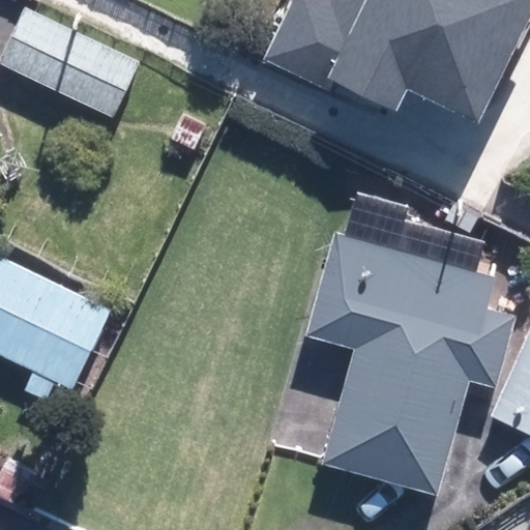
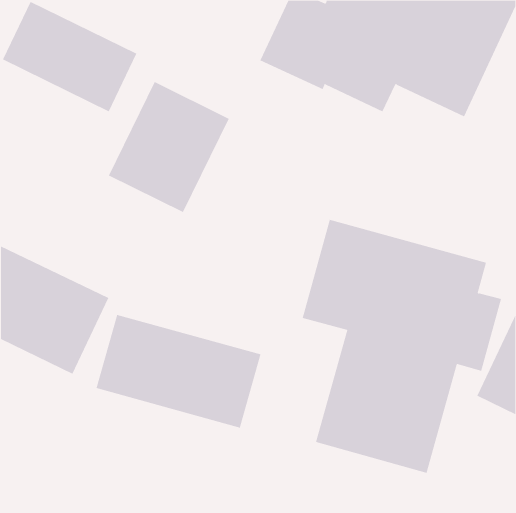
building: none -> [108,81,230,213]
building: none -> [96,314,261,428]

